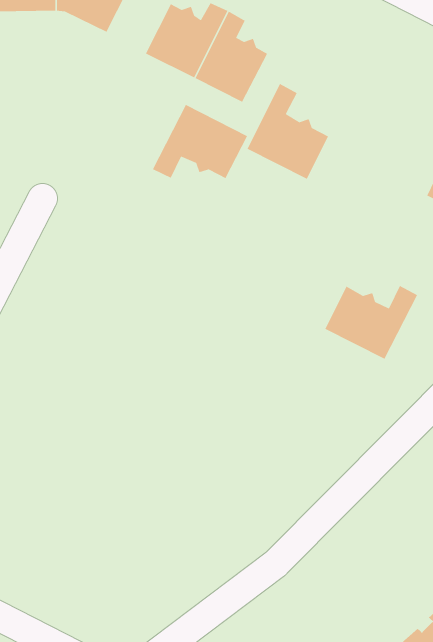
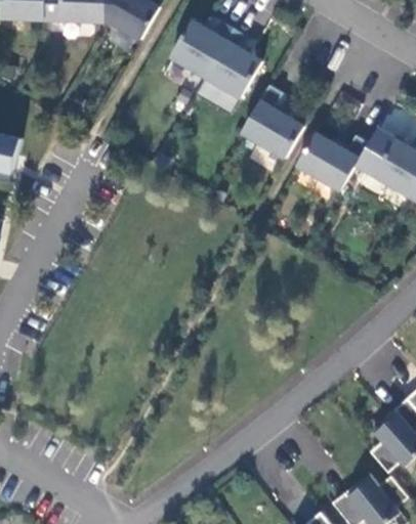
building: [152,104,248,179] -> none
building: [324,285,418,360] -> [294,132,366,189]

